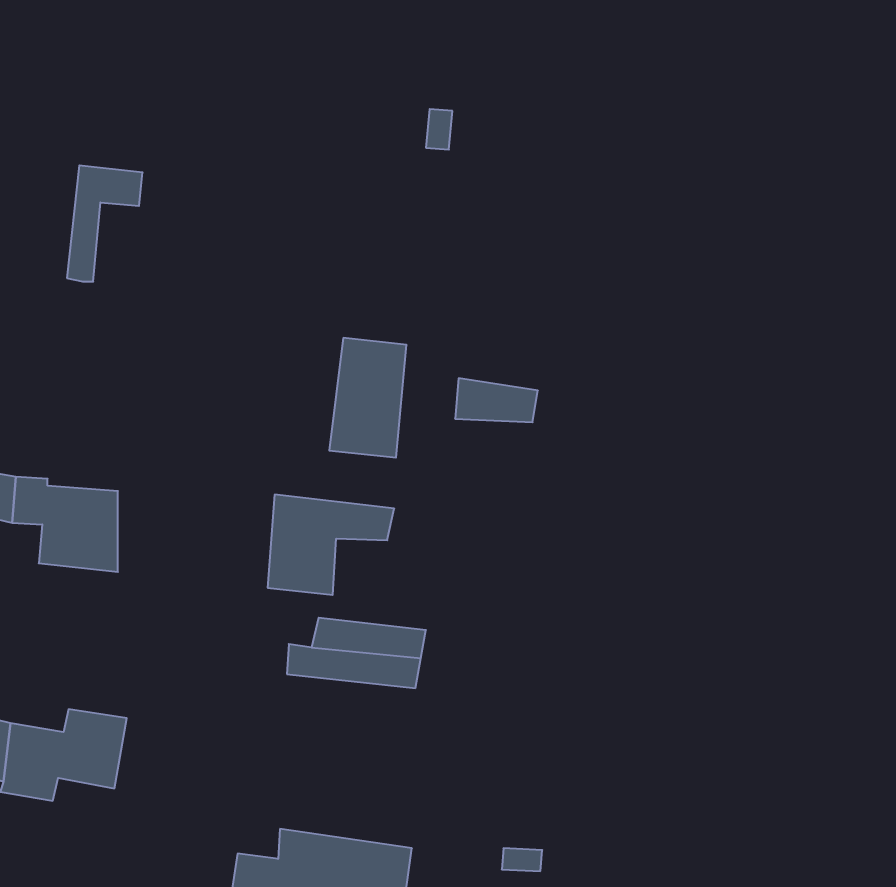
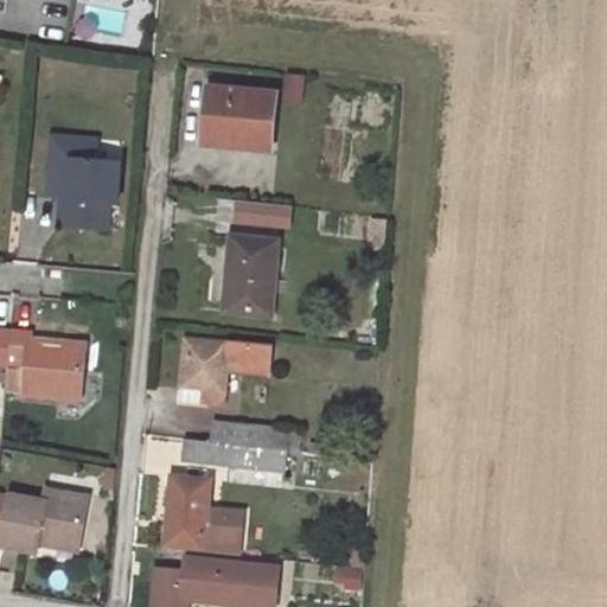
building: none -> [202,83,281,151]
building: none -> [53,145,119,226]
building: [455,378,538,422] -> [232,198,288,228]
building: none -> [165,484,237,563]

